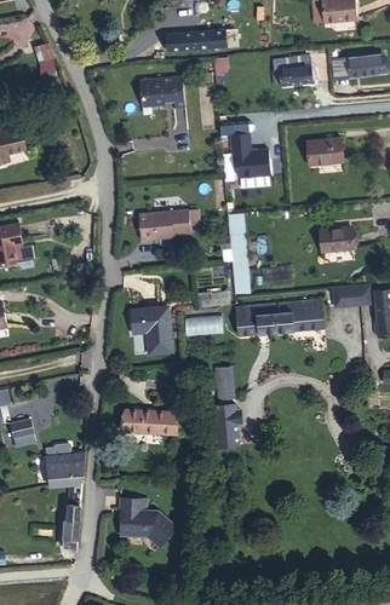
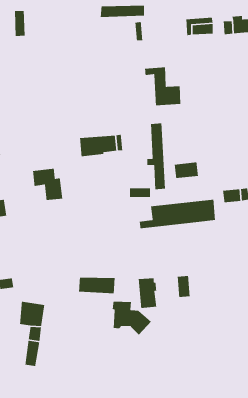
building: [132,74,177,105] -> none
building: [302,139,338,166] -> none
building: [314,229,349,253] -> [174,162,199,179]
building: [188,312,225,333] -> none
building: [125,315,168,361] -> [32,168,63,201]
building: [218,376,237,408] -> [177,275,191,298]
building: [122,508,178,557] -> [112,301,152,335]

